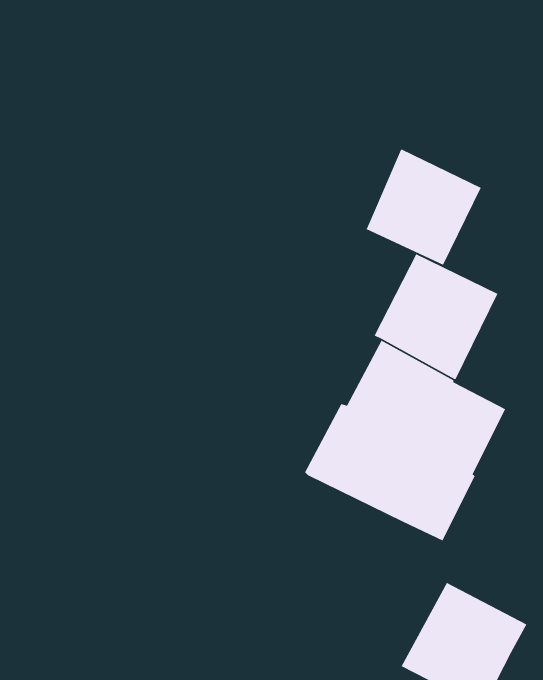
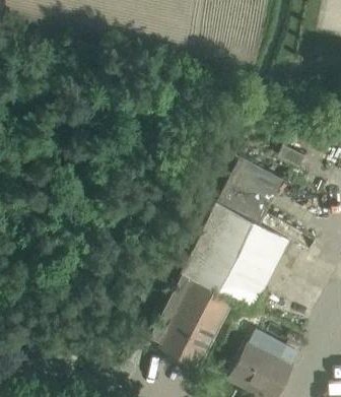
building: [365,148,482,266] -> none
building: none -> [149,274,232,367]

